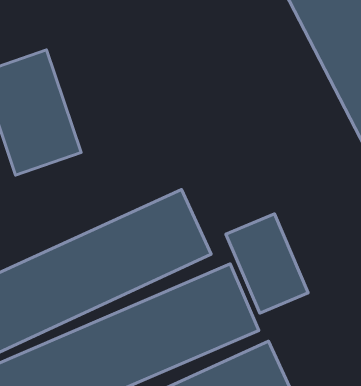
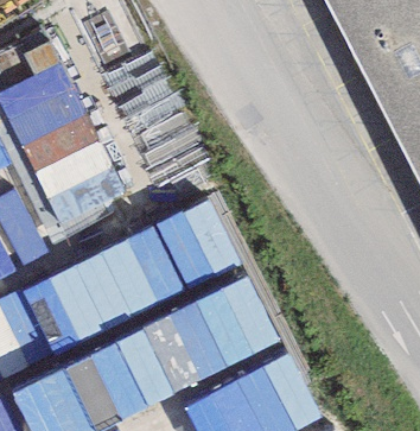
building: [226,214,308,313] -> none

